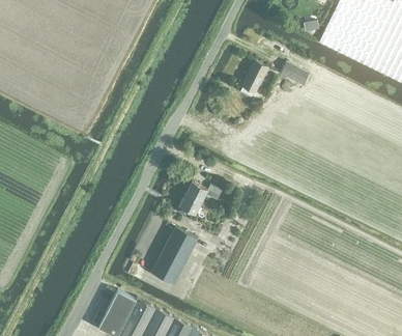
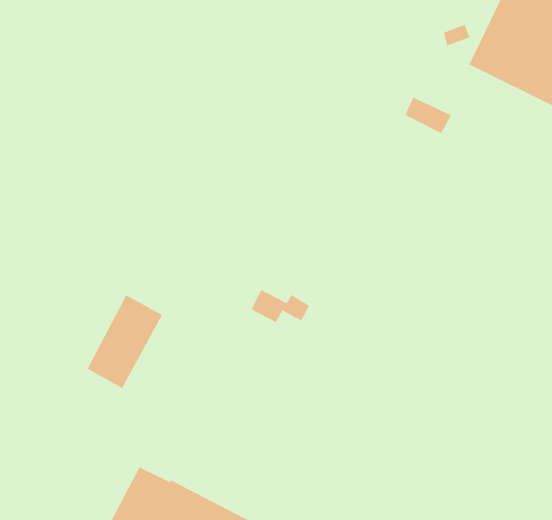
building: [241,62,267,93] -> none
building: [176,194,213,216] -> none
building: [151,227,198,285] -> [87,294,163,389]

